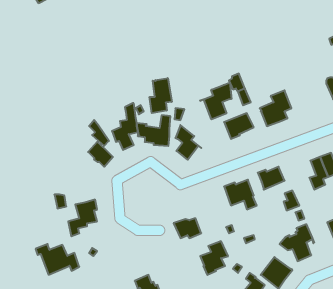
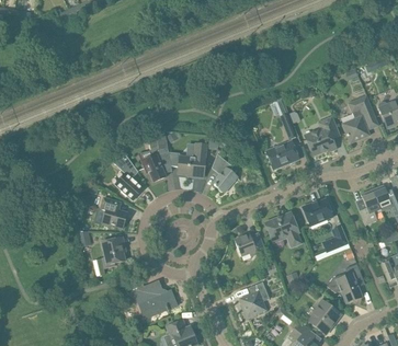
building: none -> [342,95,378,142]
building: [150,78,172,113] -> none
building: [200,82,231,119] -> none
building: none -> [100,197,127,228]
building: [174,218,201,238] -> [234,233,264,255]
building: [36,244,79,275] -> [128,279,177,313]

